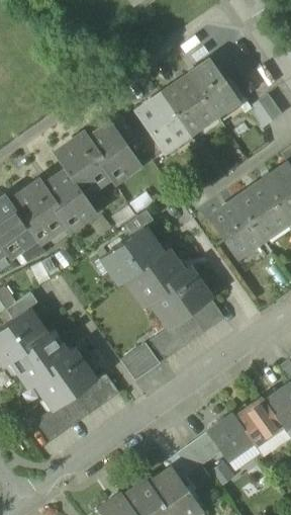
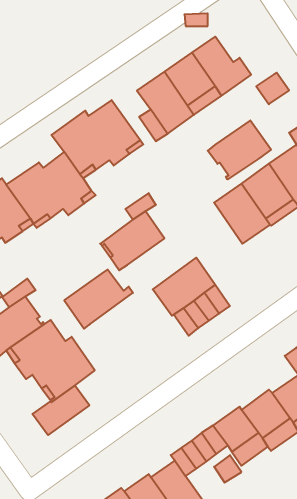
building: none -> [208,120,271,179]
building: [126,249,192,306] -> [64,270,133,329]
building: [151,326,185,360] -> none
building: [121,342,161,380] -> none
building: [76,372,119,413] -> none

